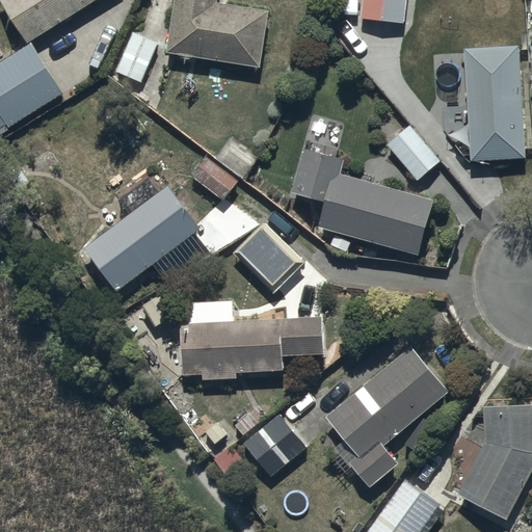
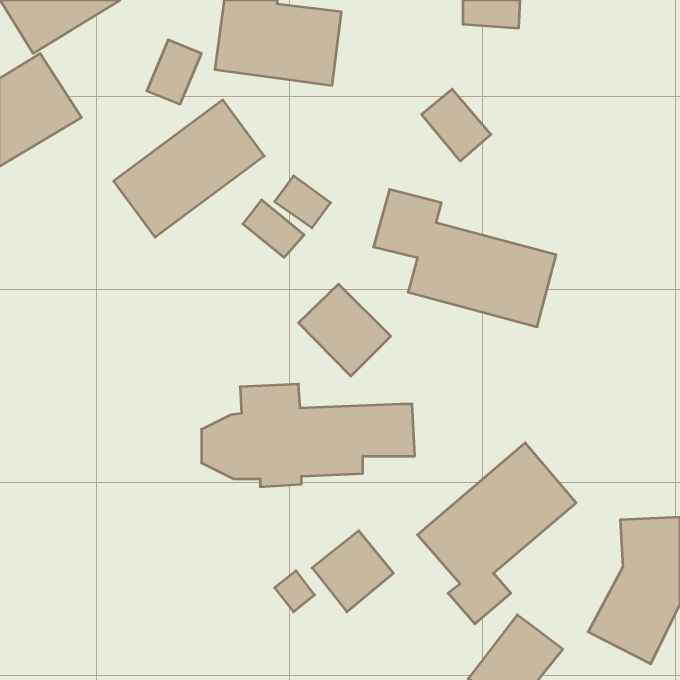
building: [464,24,525,160] -> none
building: [385,125,440,181] -> [422,89,491,161]
building: [82,185,200,292] -> [114,100,264,237]

